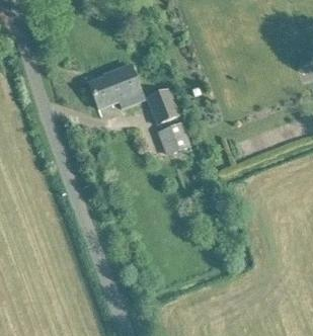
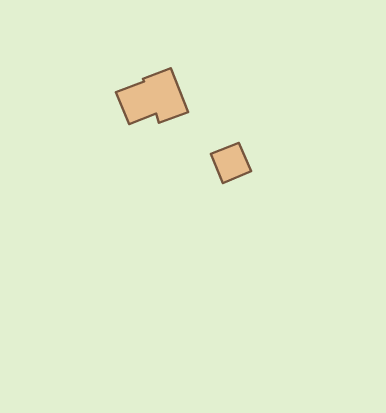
building: [146,88,179,124] -> none

